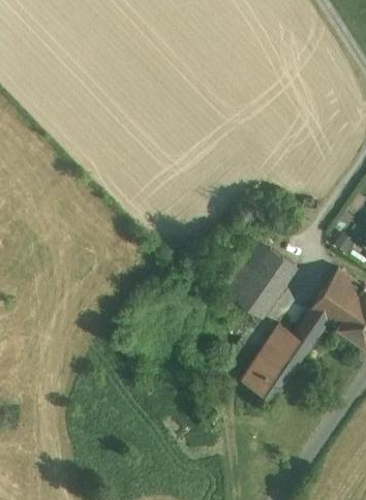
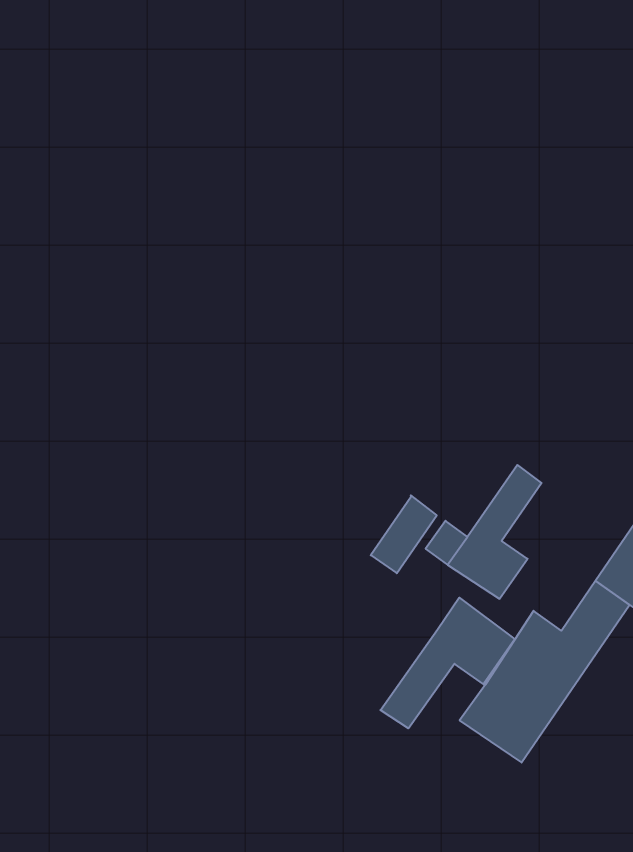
building: [261,256,295,296] -> [371,495,437,573]
building: none -> [380,598,515,728]

